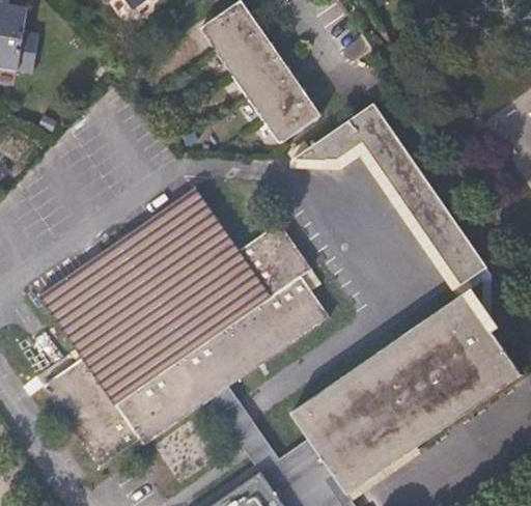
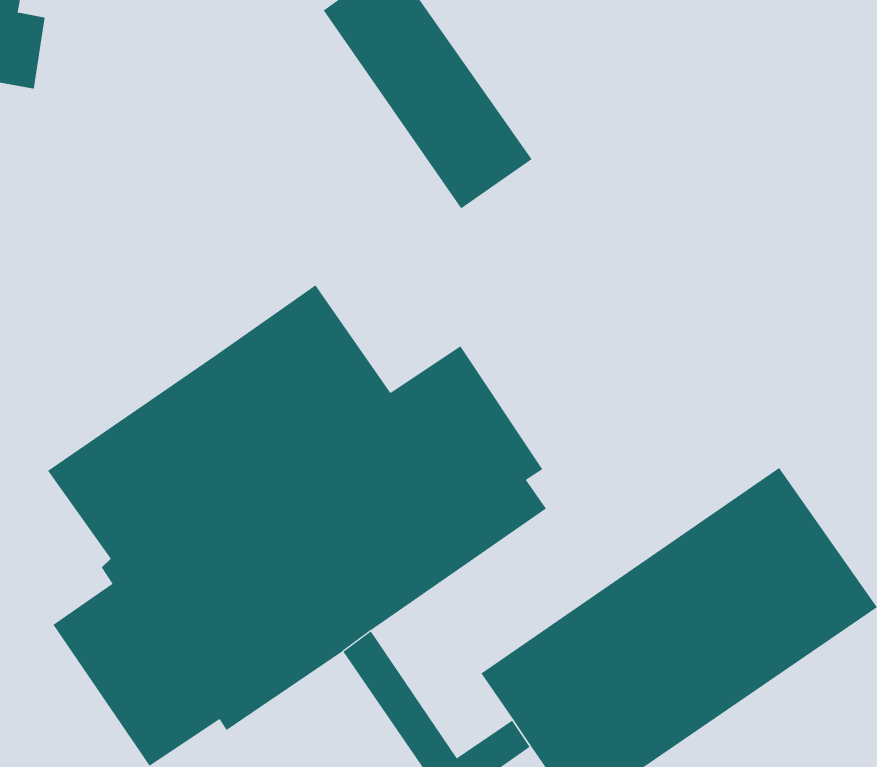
building: [307,92,502,285] -> none

